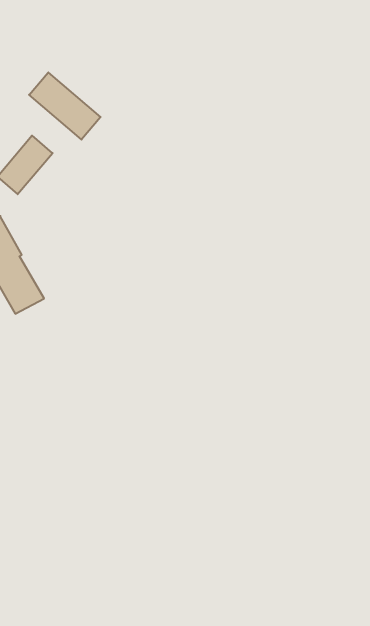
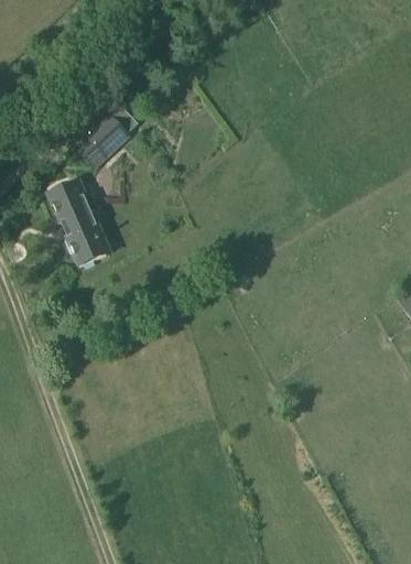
building: [29,72,101,140] -> none

